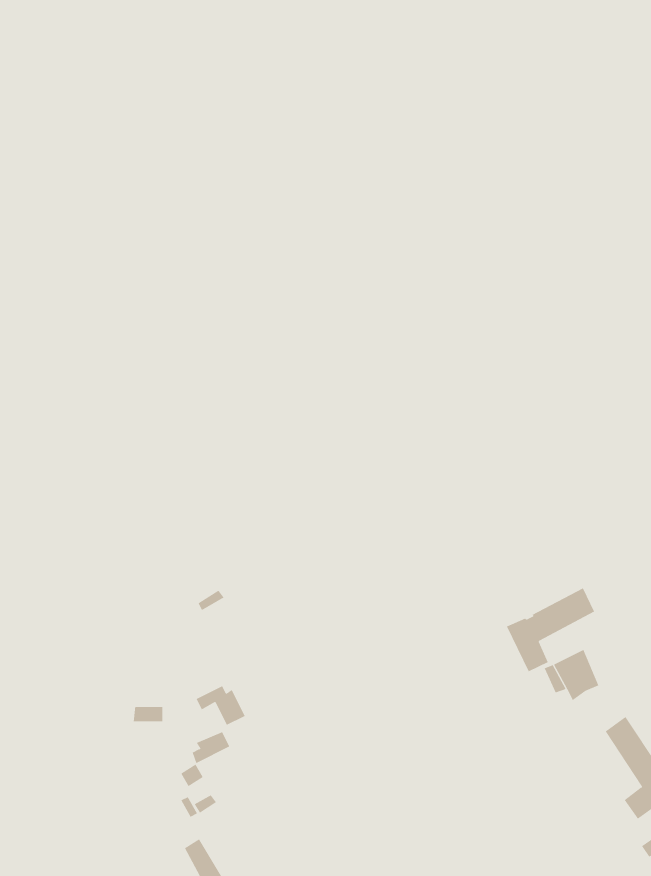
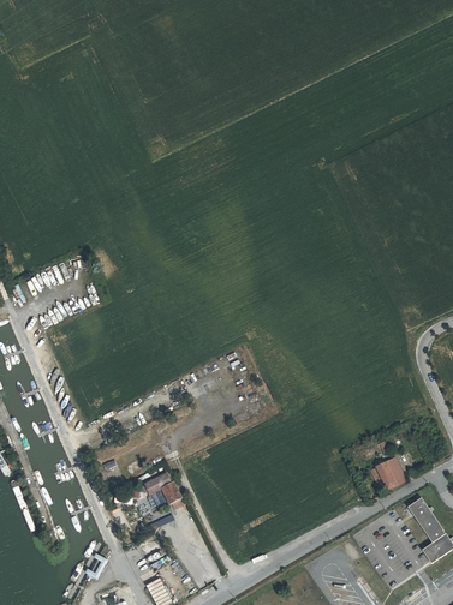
building: [506,588,595,672] -> none

